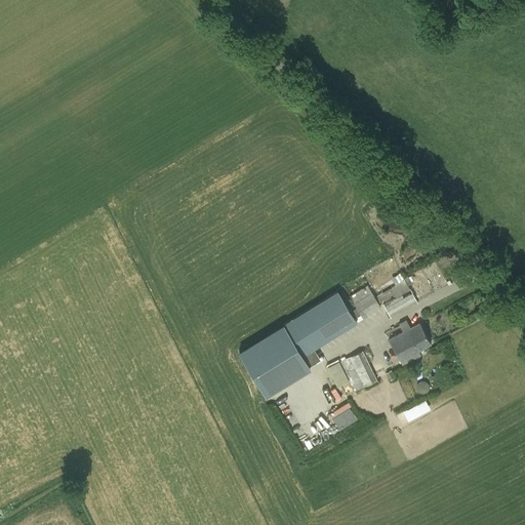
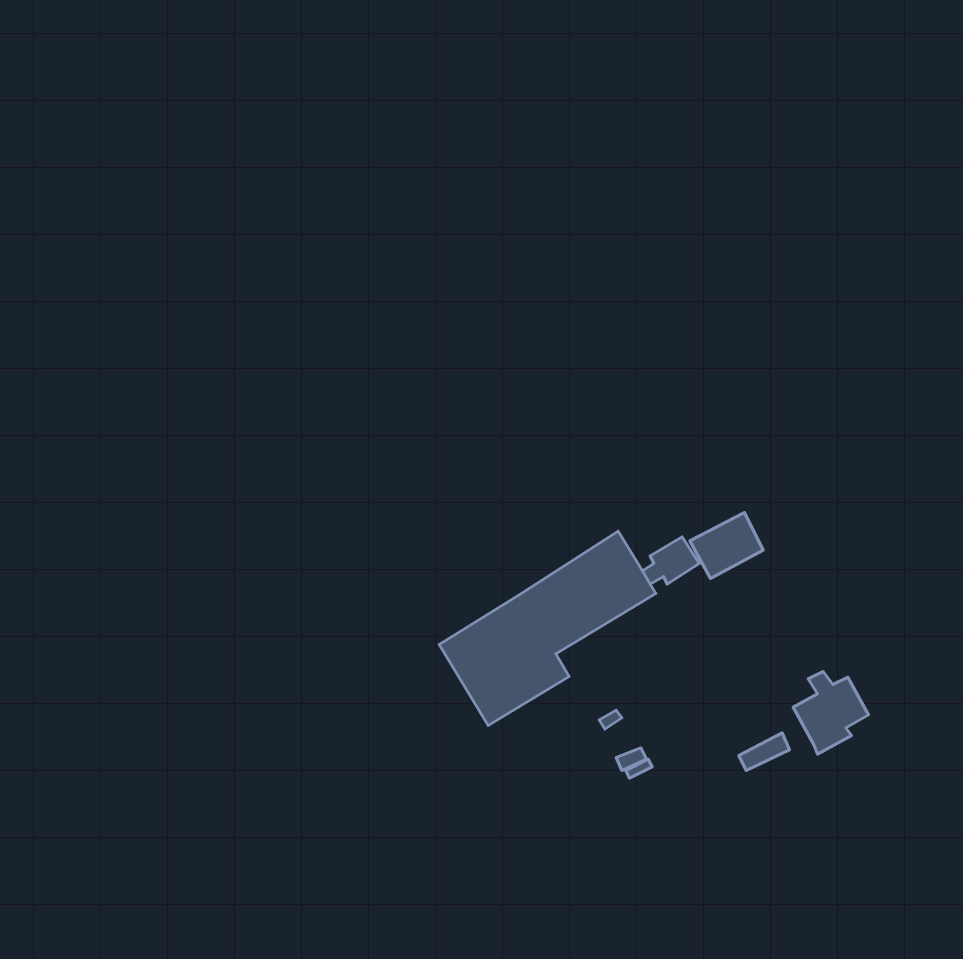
building: [390,322,431,367] -> [793,671,869,754]
building: [339,352,377,394] -> none

